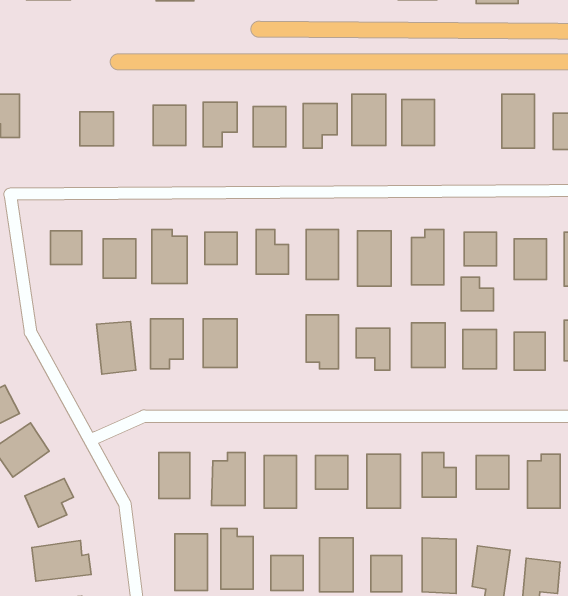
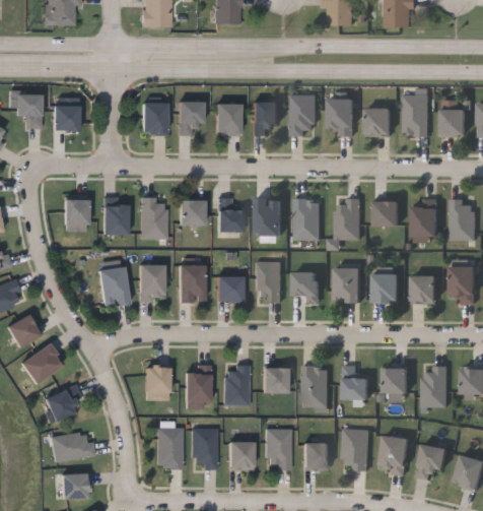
building: none -> [366,108,391,136]
building: [80,112,114,146] -> [53,106,78,131]
building: [461,277,494,311] -> none
building: none -> [217,275,243,301]

